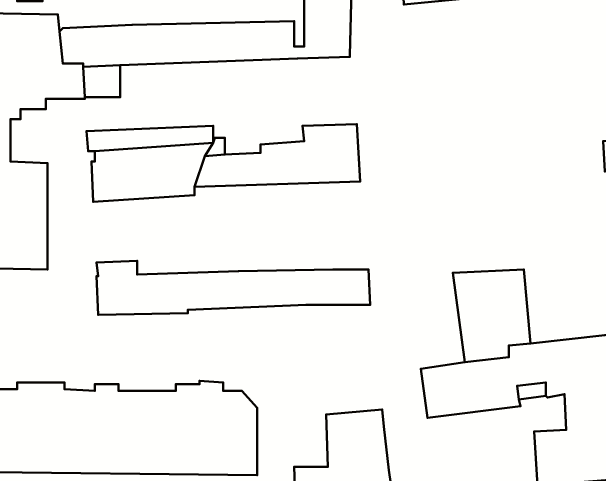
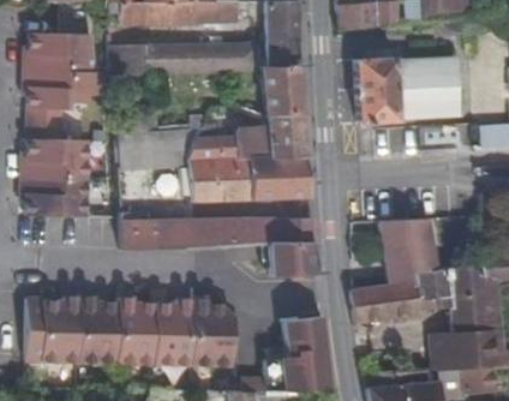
building: none -> [357,58,460,122]
building: none -> [263,66,305,115]
building: none -> [190,155,311,202]
building: none -> [271,243,317,276]

